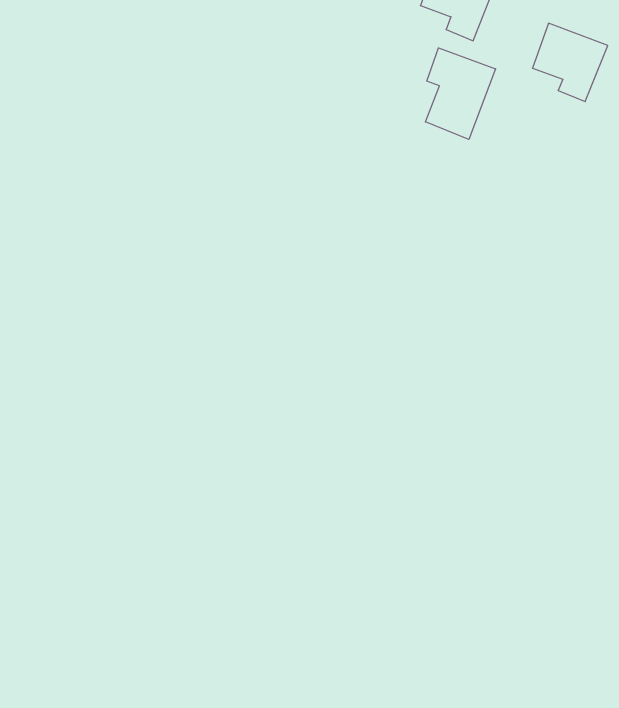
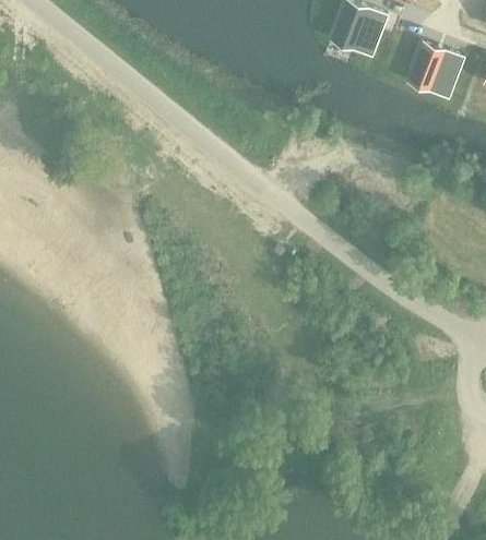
building: [425,48,496,139] -> none

